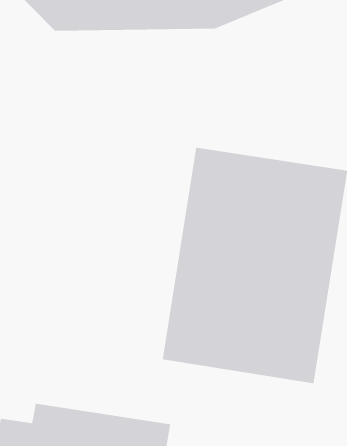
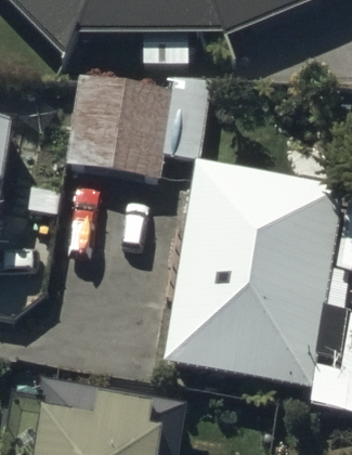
building: none -> [68,90,166,179]

